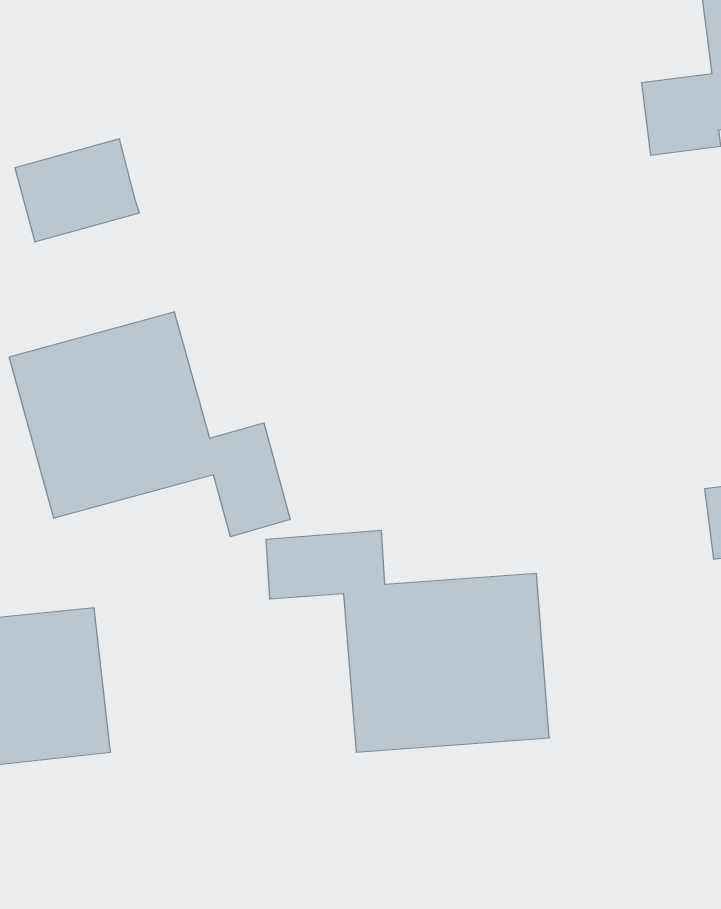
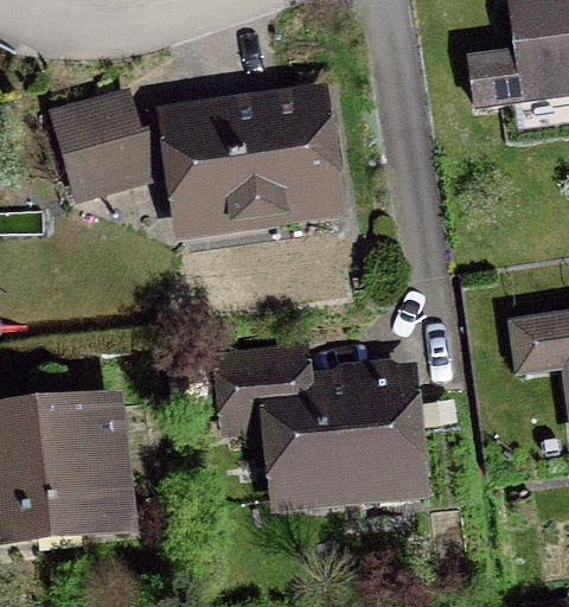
building: none -> [171,104,331,223]
building: [9,312,290,537] -> none

